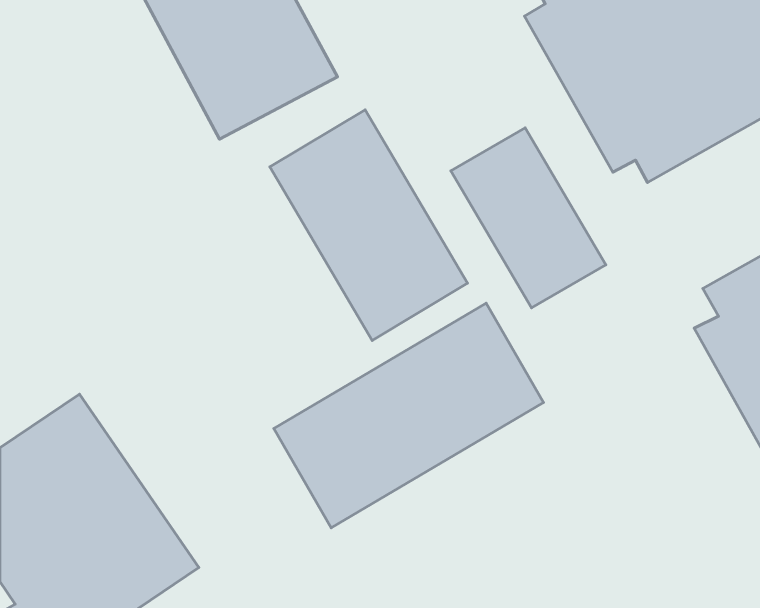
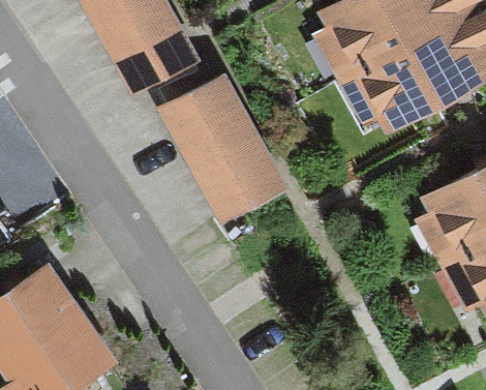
building: [451,128,606,308] -> none
building: [274,303,543,528] -> none

